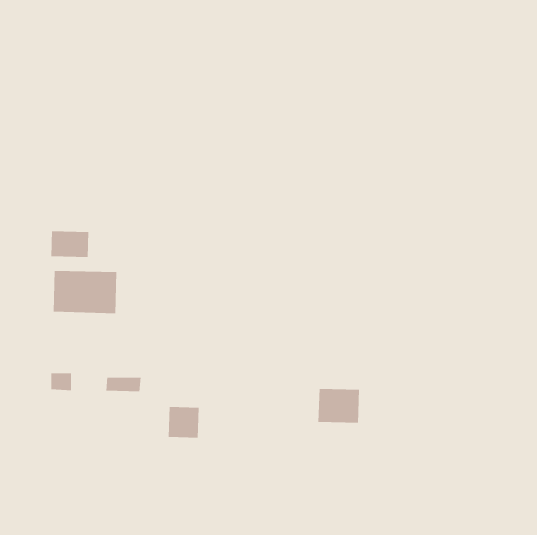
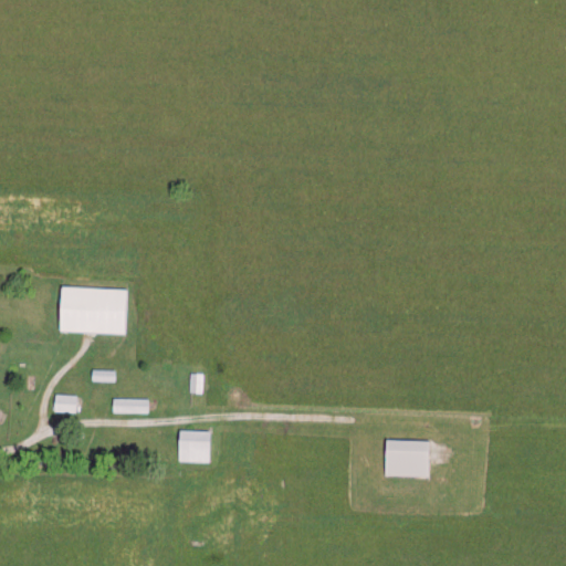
building: [51,231,89,258] -> none
building: [318,388,360,423] -> [385,440,429,476]

